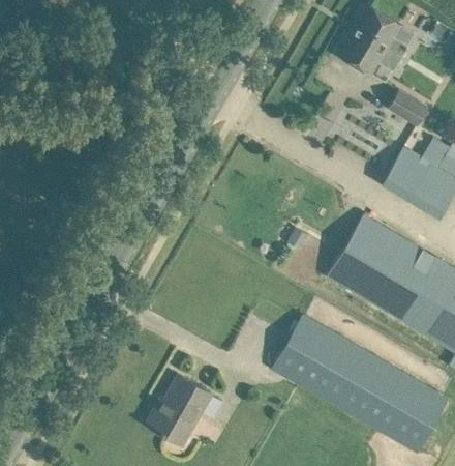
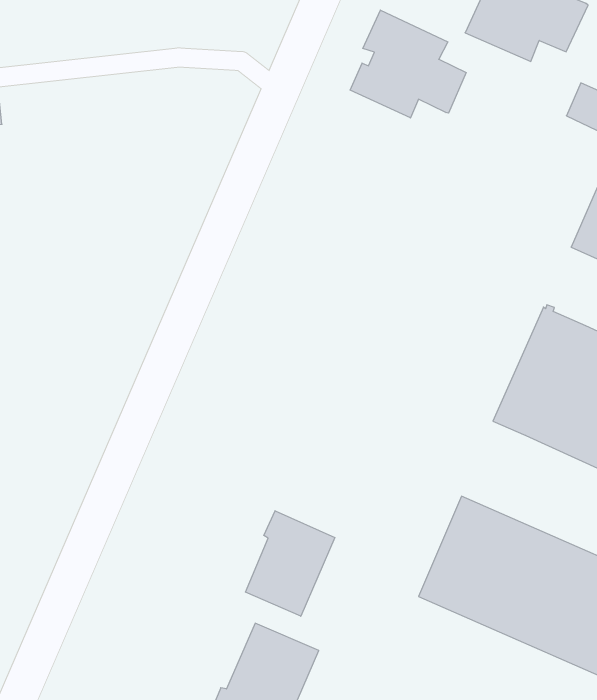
building: none -> [350,10,466,118]
building: none -> [245,511,335,616]

